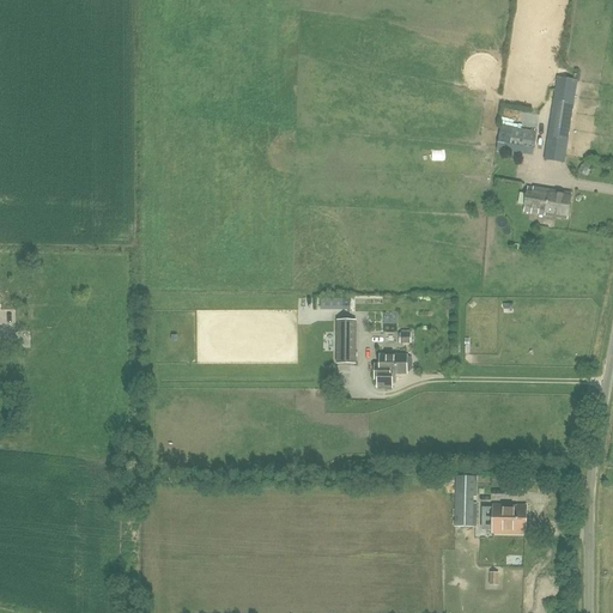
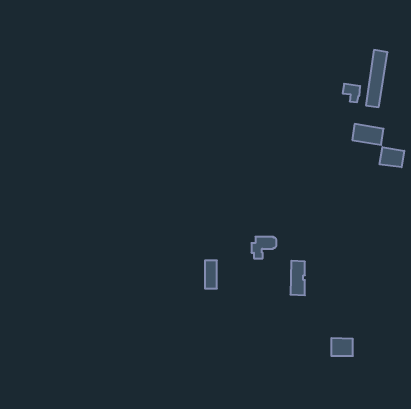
building: none -> [380,147,404,167]
building: [336,318,354,360] -> [205,260,217,289]
building: [454,473,475,524] -> [290,261,305,295]

